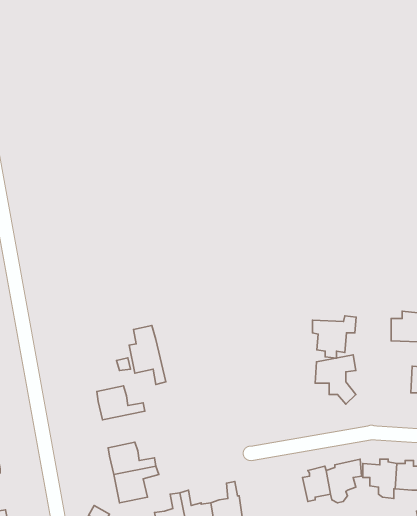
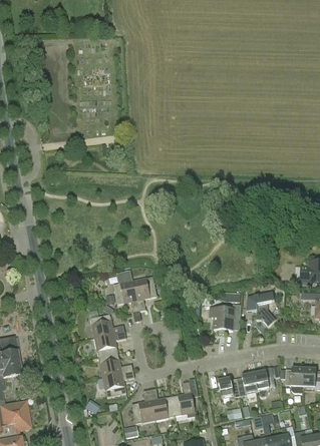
building: [313,316,356,358] -> [210,304,241,334]
building: none -> [132,276,156,310]
building: none -> [94,331,125,357]
building: none -> [218,375,241,399]

